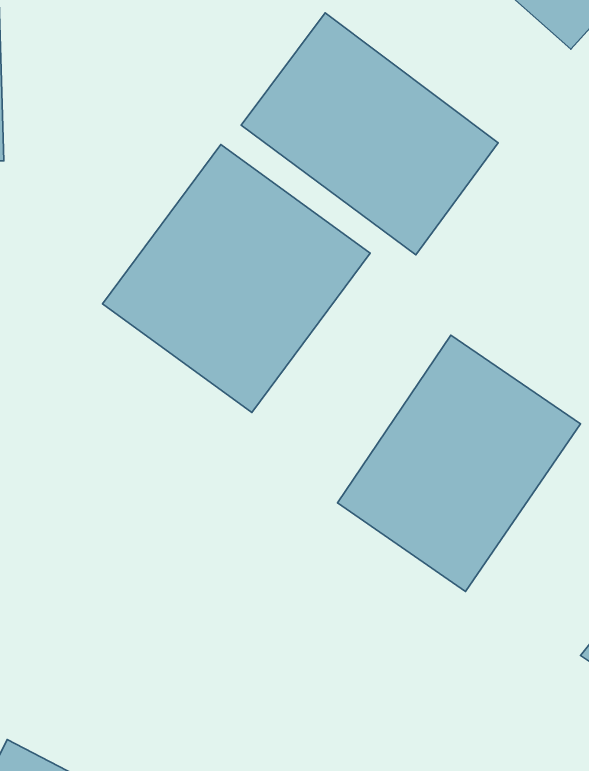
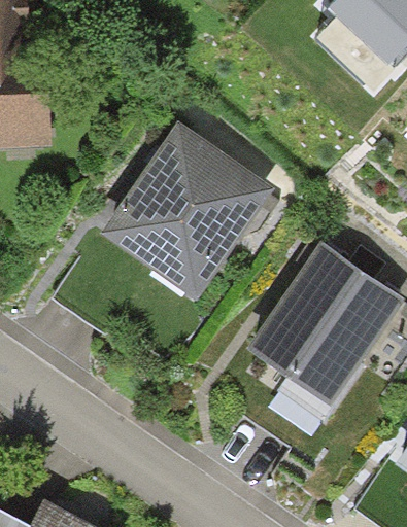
building: [241,13,498,255] -> none

